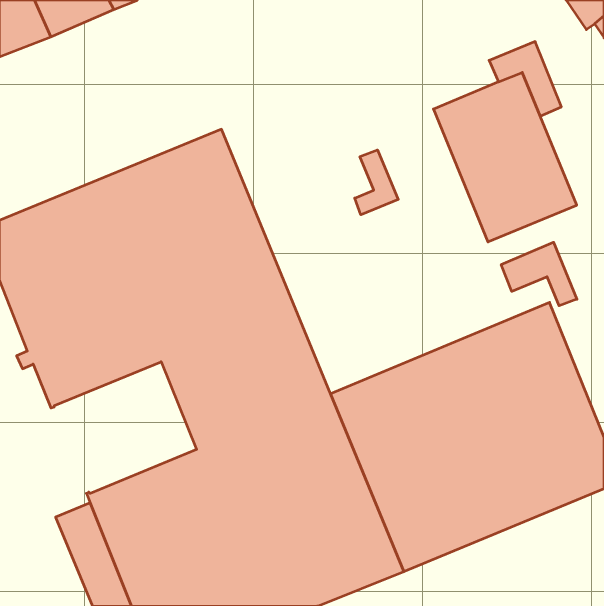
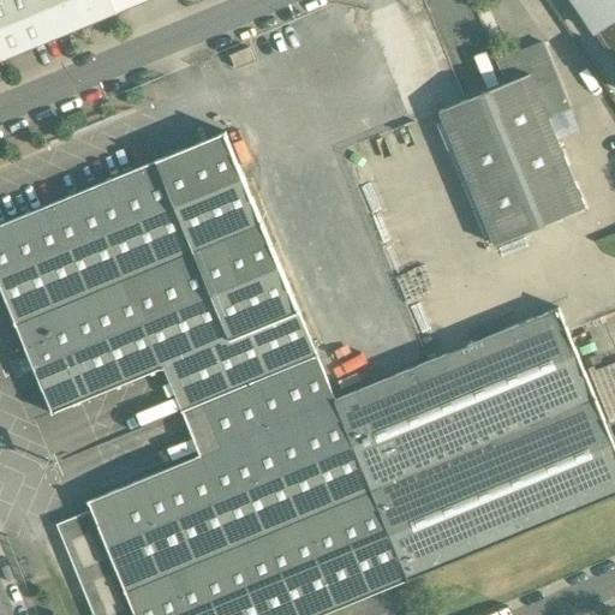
building: [355,150,398,215] -> none
building: [501,242,577,306] -> none

